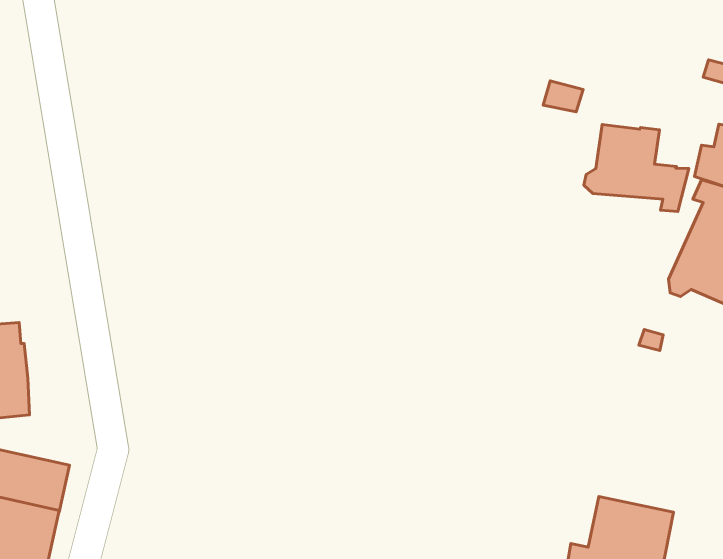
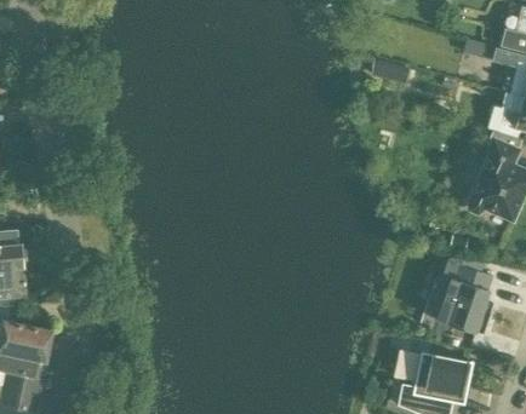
building: [584,125,689,211] -> none
building: none -> [436,258,492,333]

